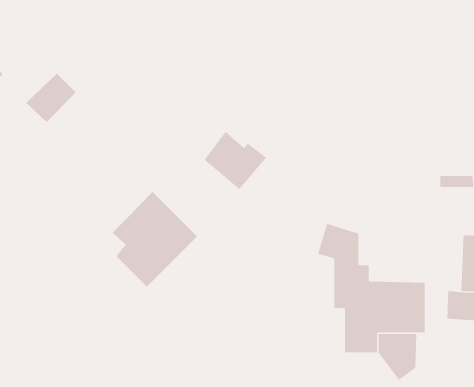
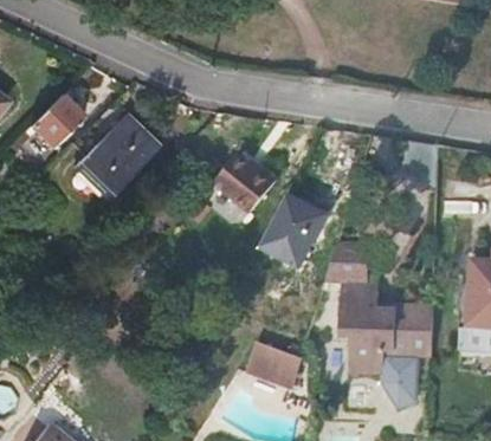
building: none -> [258,195,325,270]
building: [112,191,198,288] -> [70,100,157,199]
building: none -> [245,345,305,387]

